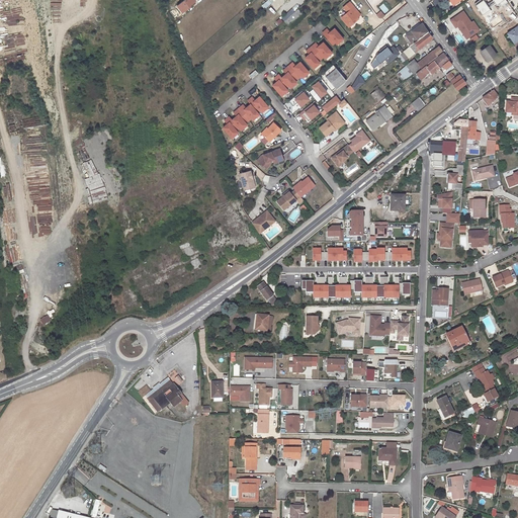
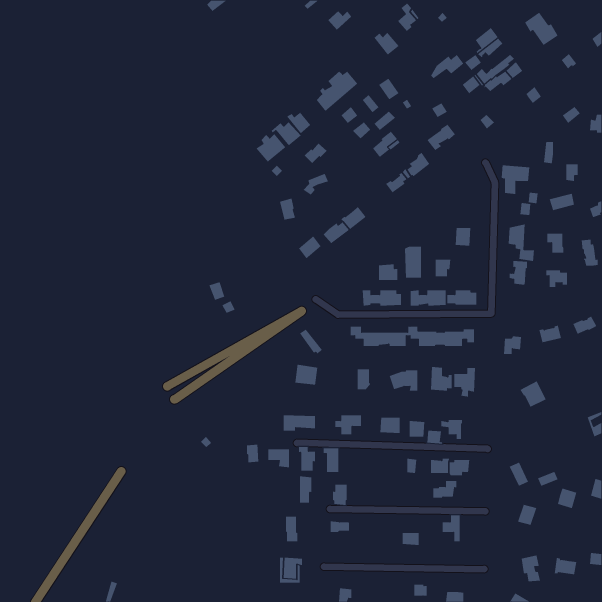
building: [301,41,331,70] -> none
building: [471,363,498,402] -> none
building: [147,379,181,412] -> none

